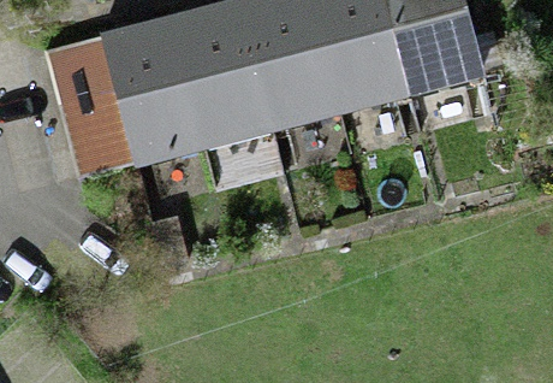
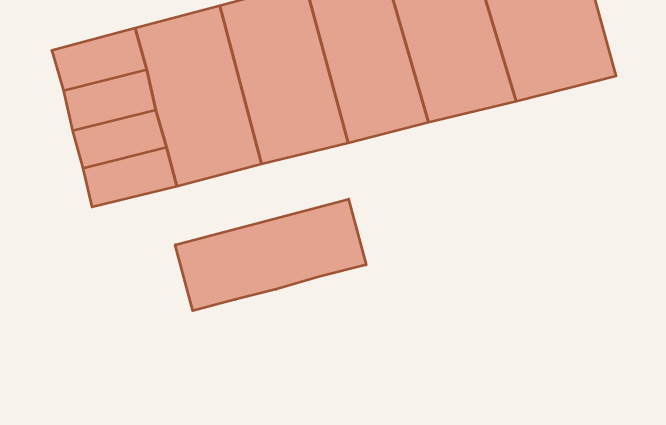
building: none -> [175,199,366,311]

